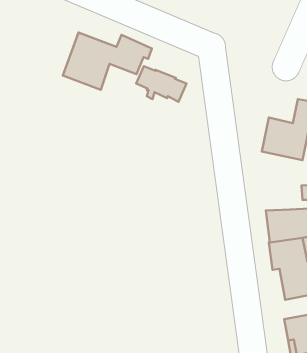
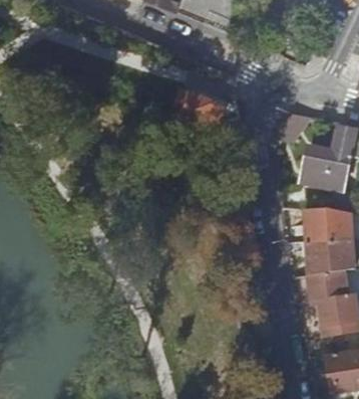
building: [63,32,152,90] -> none
building: none -> [300,209,330,242]

